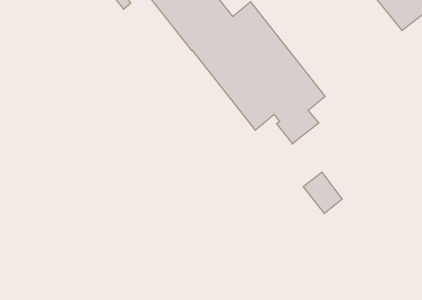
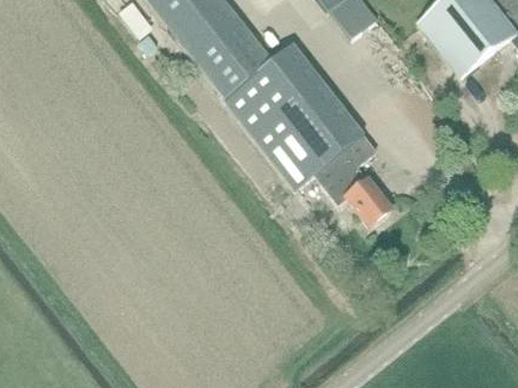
building: [303,172,342,214] -> [346,180,390,226]

